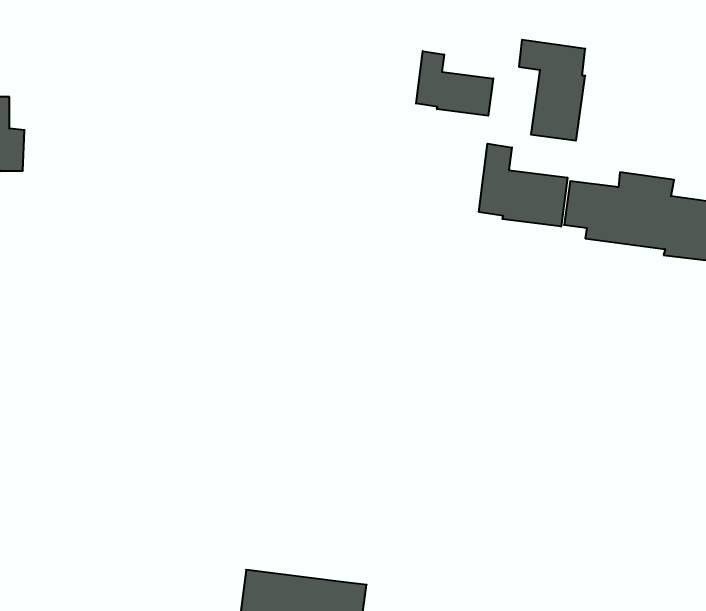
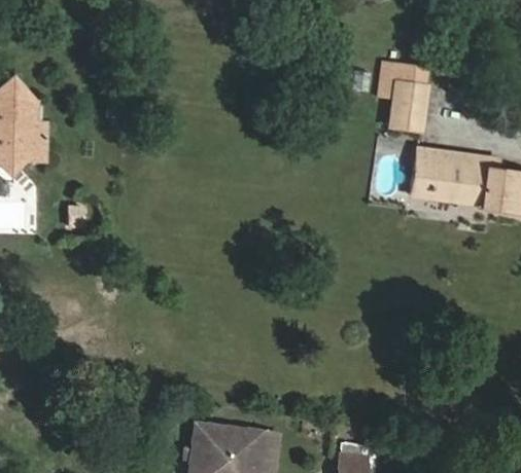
building: [416,51,493,116] -> none
building: [479,144,568,227] -> none

